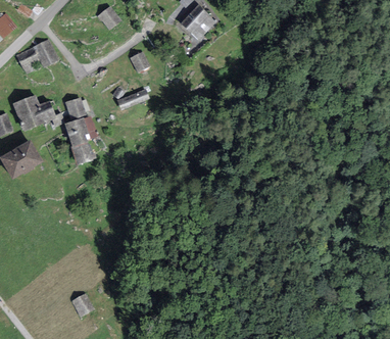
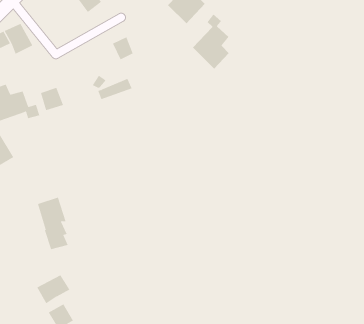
building: none -> [192,14,229,70]
building: [64,116,93,164] -> [37,197,69,250]
building: none -> [36,274,70,304]

